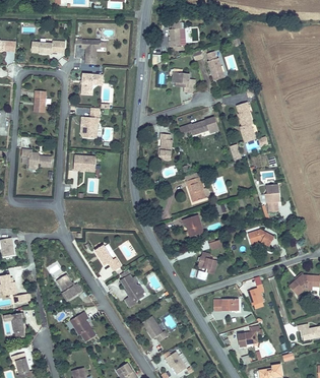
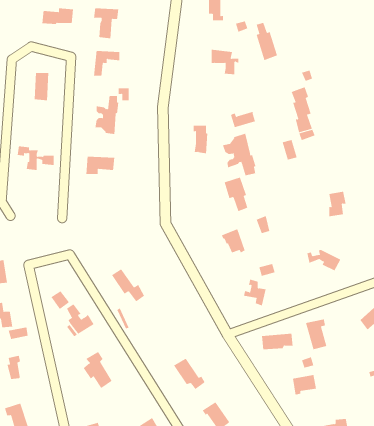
building: none -> [222,133,256,176]
building: [119,272,144,305] -> none

